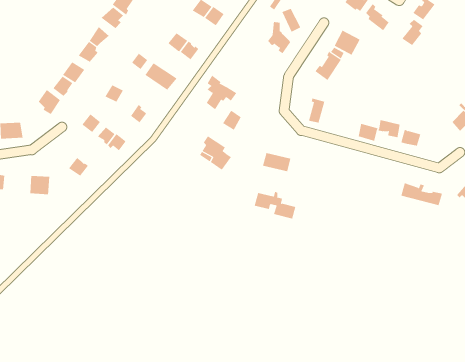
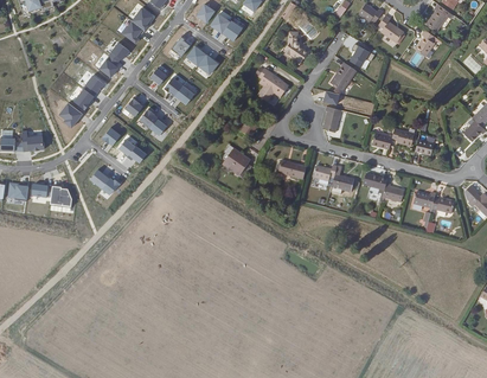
building: [206,75,237,110] -> [257,69,288,103]
building: none -> [364,174,405,203]
building: [254,191,296,219] -> [314,165,355,192]

